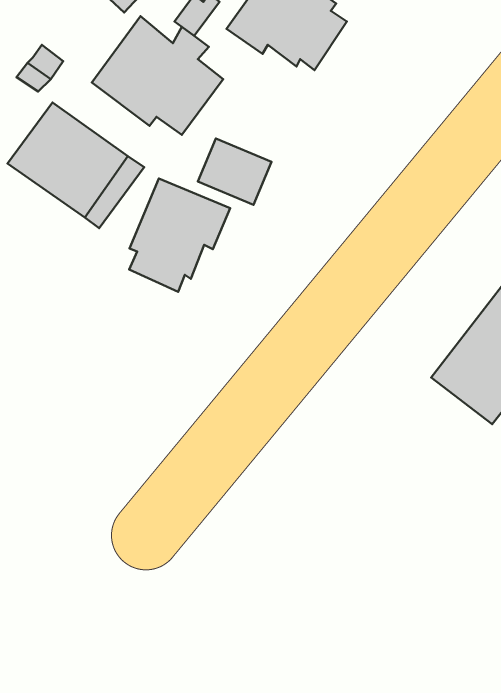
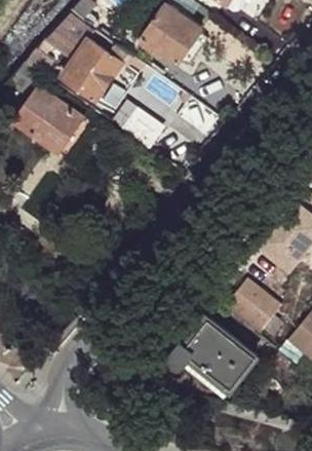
building: [129,178,230,292] -> none
building: none -> [228,279,281,335]
building: none -> [168,318,254,396]

